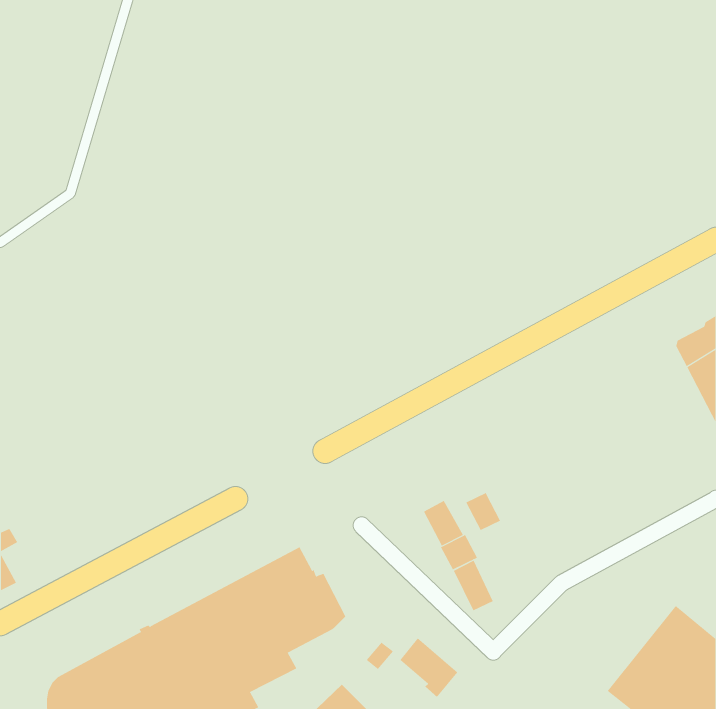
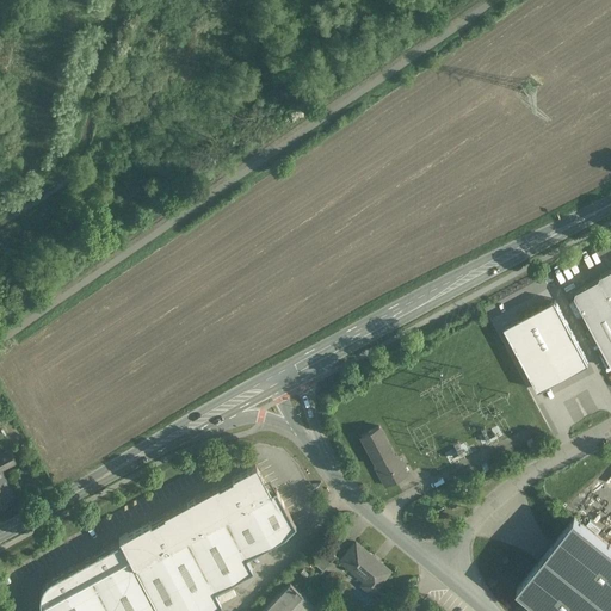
building: none -> [505,304,590,395]
building: [465,492,501,531] -> none
building: [453,560,493,611] -> none

